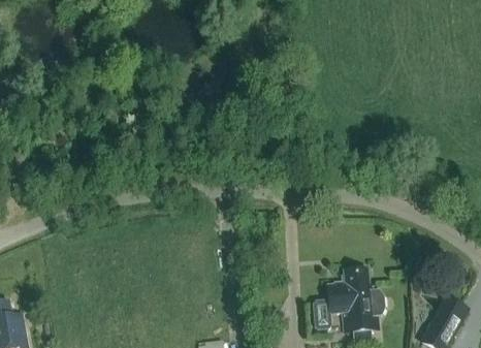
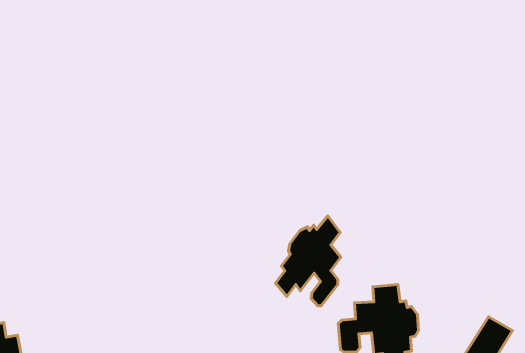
building: none -> [275,216,341,306]

